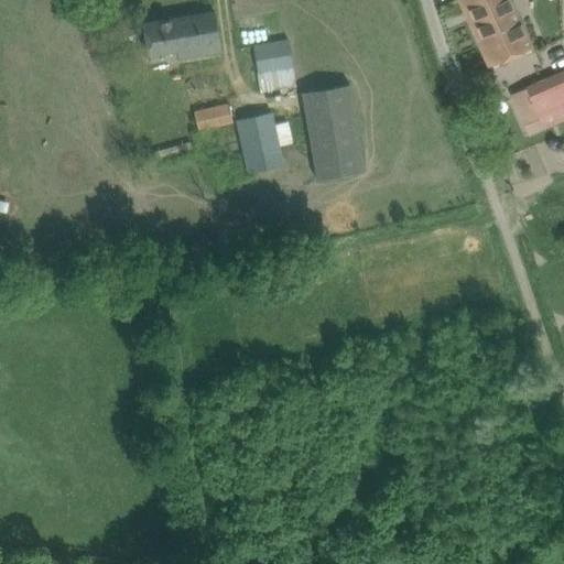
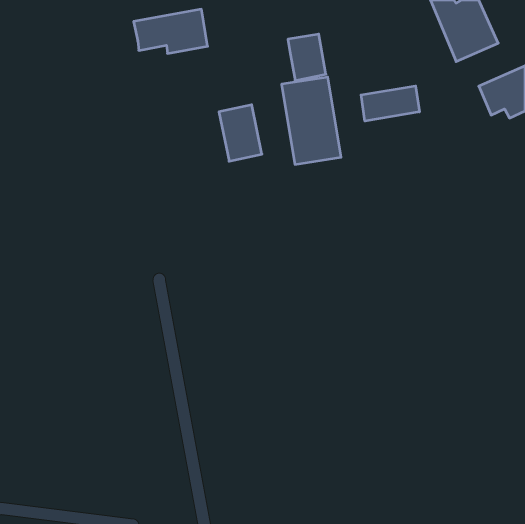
building: [256,40,296,89] -> [288,34,326,80]
building: none -> [361,86,419,121]
building: [194,105,232,130] -> none

